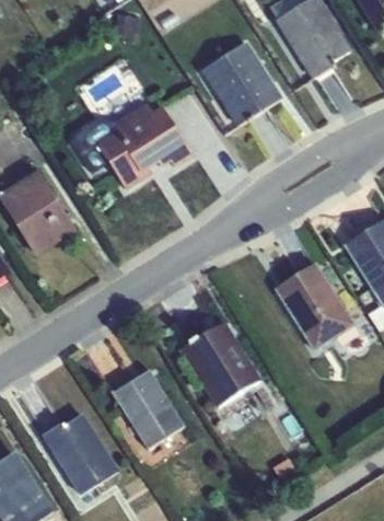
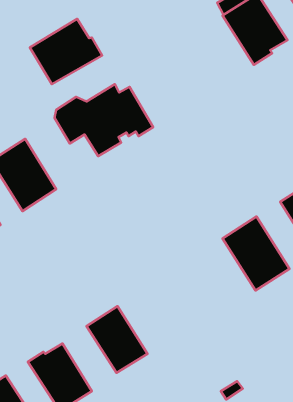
building: none -> [30,19,102,84]
building: [202,42,282,127] -> none
building: [179,321,260,407] -> none

